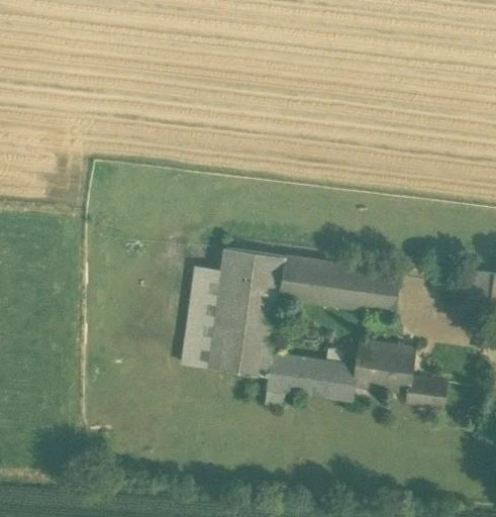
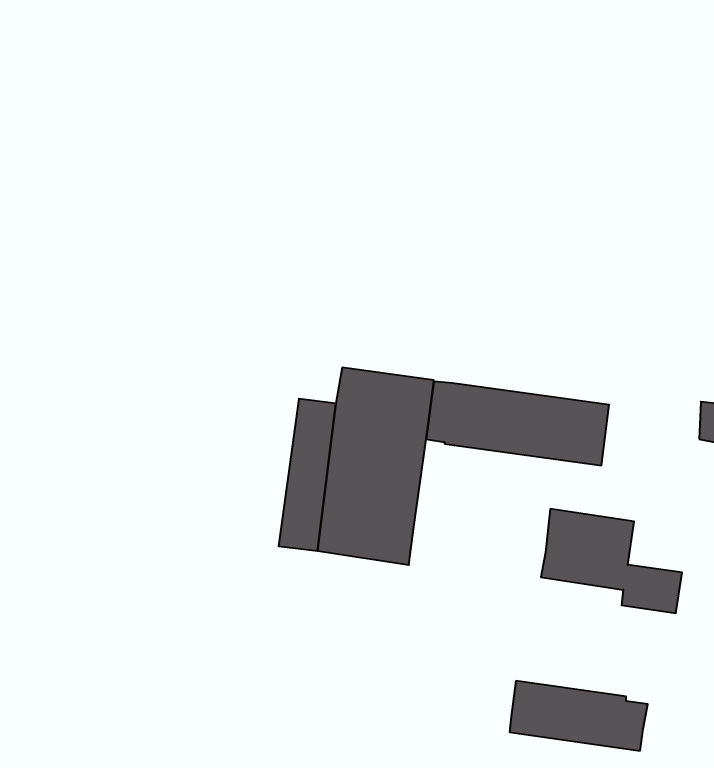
building: [266,352,356,398] -> [510,681,648,751]

